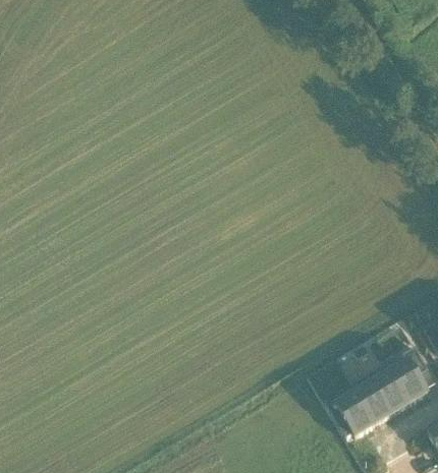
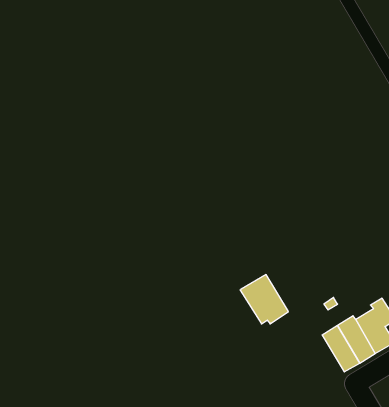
building: [325,382,376,434] -> [240,275,288,324]

